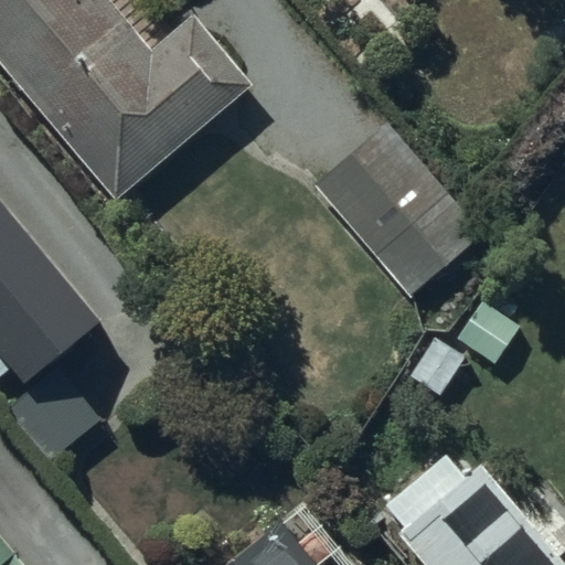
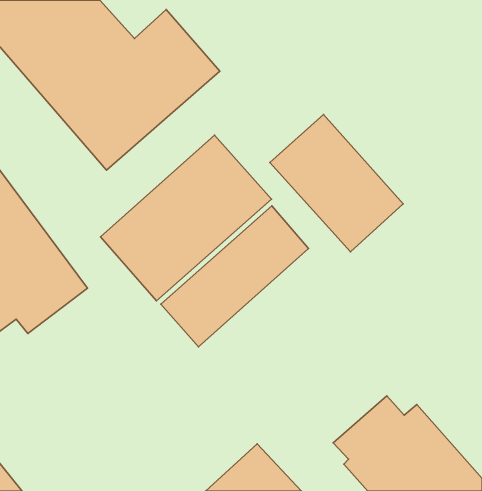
building: none -> [101,135,272,301]
building: none -> [161,206,309,347]

